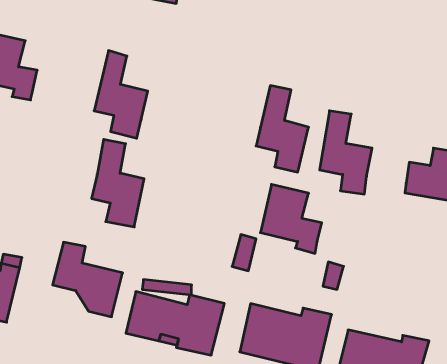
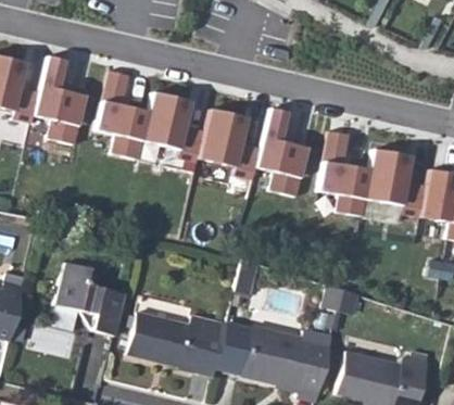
building: none -> [143,92,193,149]
building: none -> [367,149,414,203]
building: [92,139,144,227] -> [35,56,87,143]
building: [260,184,322,253] -> [201,110,262,178]

